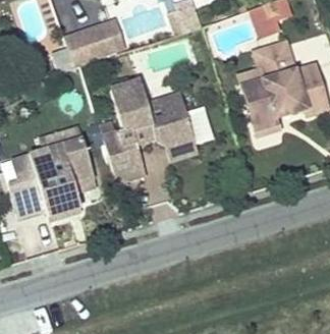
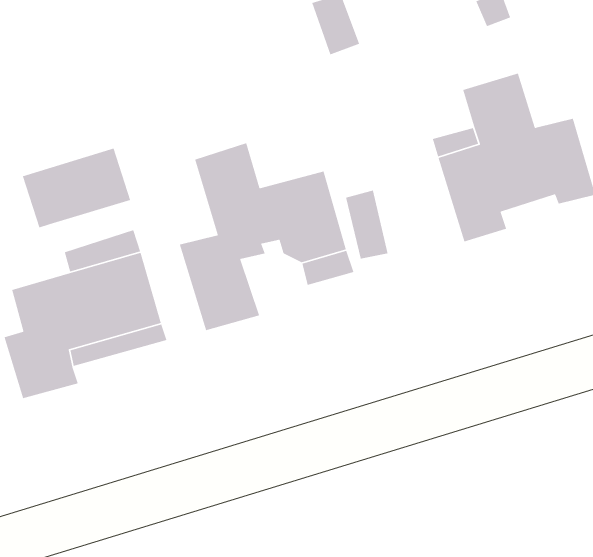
building: [66,21,125,65] -> [22,147,131,229]

